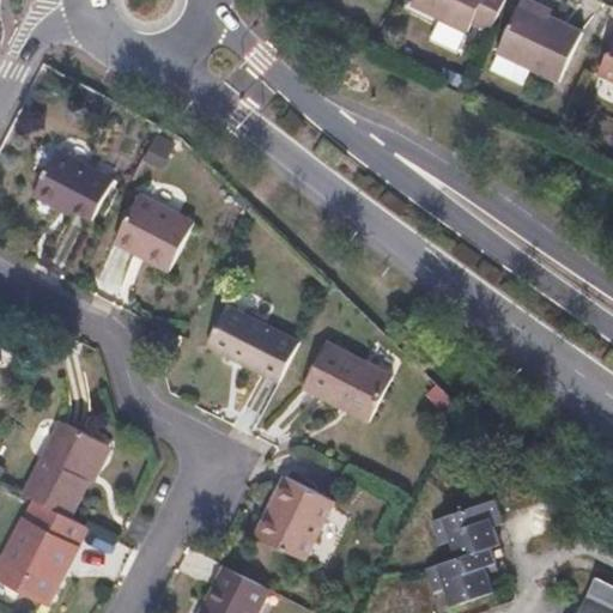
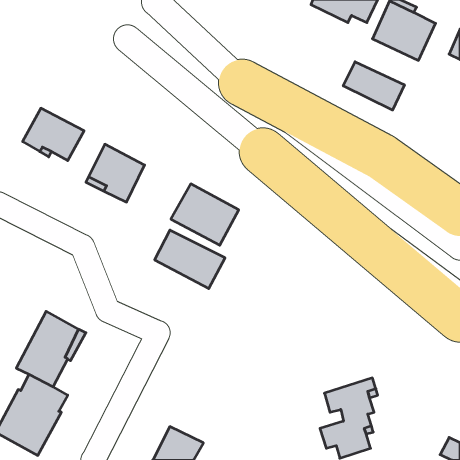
building: none -> [343,62,404,110]
building: [298,340,388,421] -> [171,184,239,245]
building: [262,477,335,560] -> none

